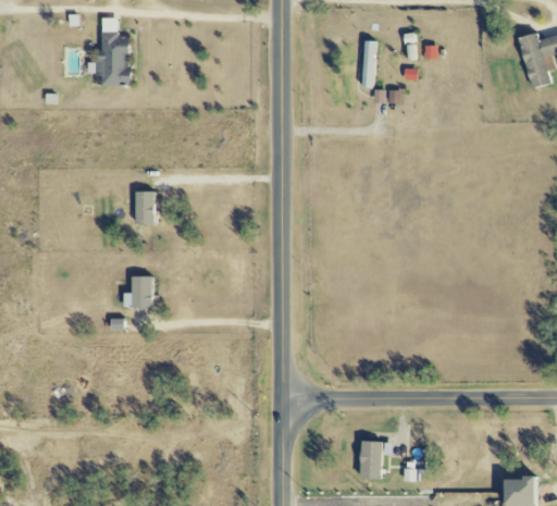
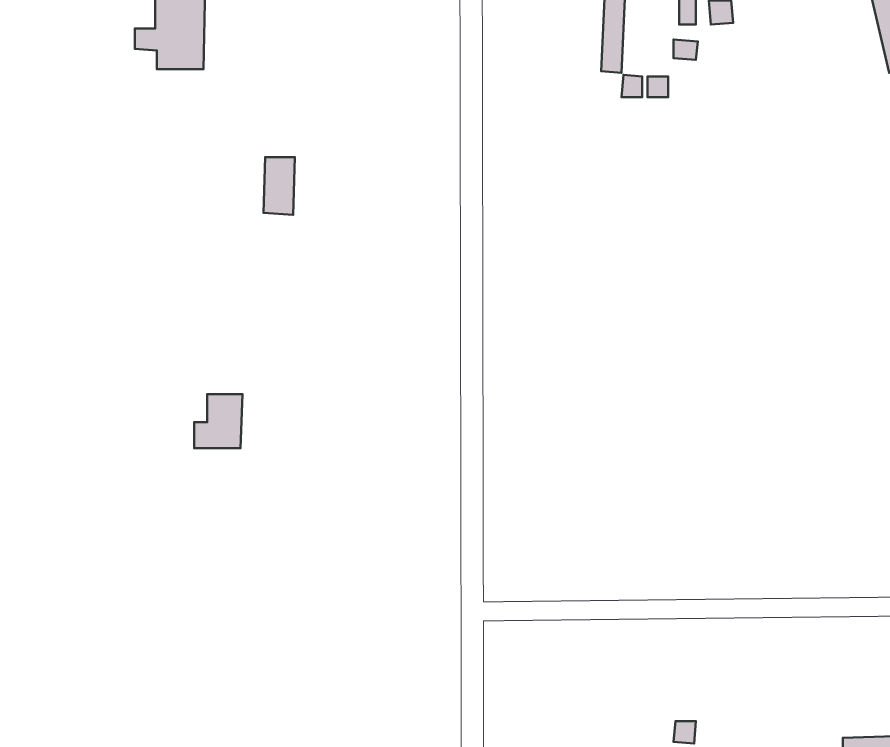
building: [136,192,154,225] -> [263,157,295,215]
building: [361,441,382,478] -> none

